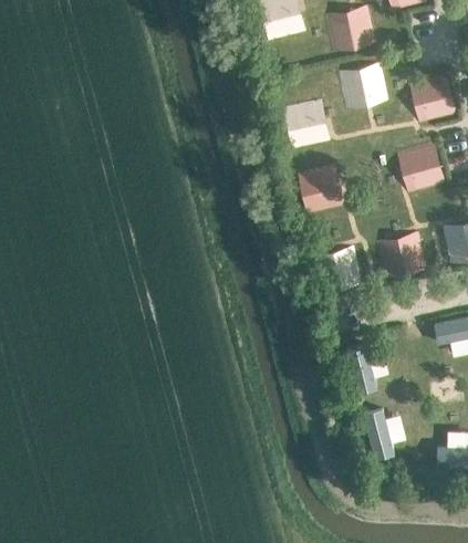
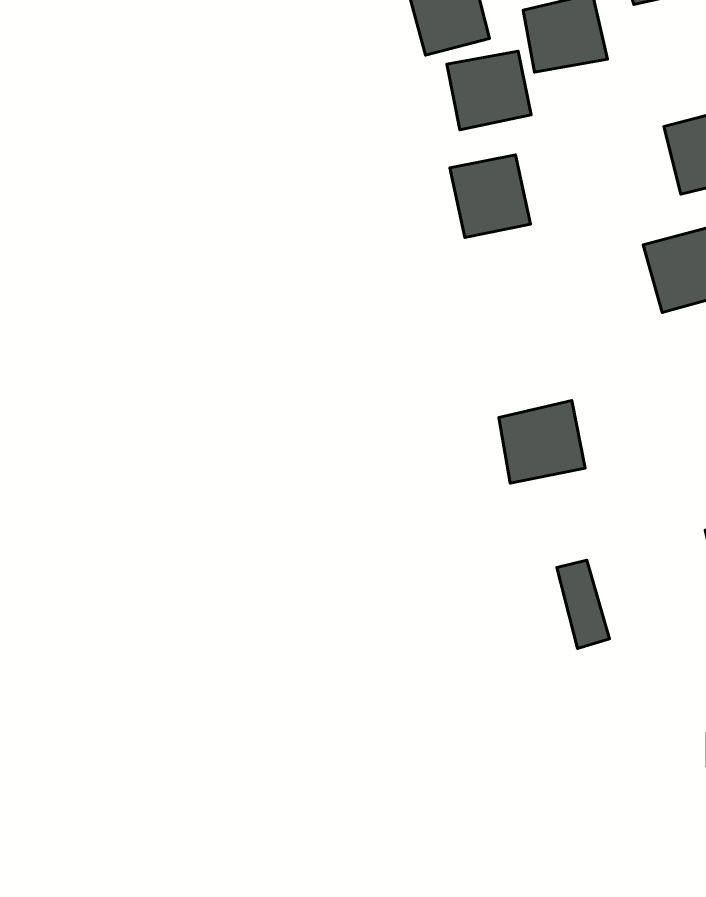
building: [337,63,387,109] -> [447,51,531,130]
building: [297,165,344,216] -> none
building: [376,232,425,279] -> none
building: [362,405,393,456] -> none

